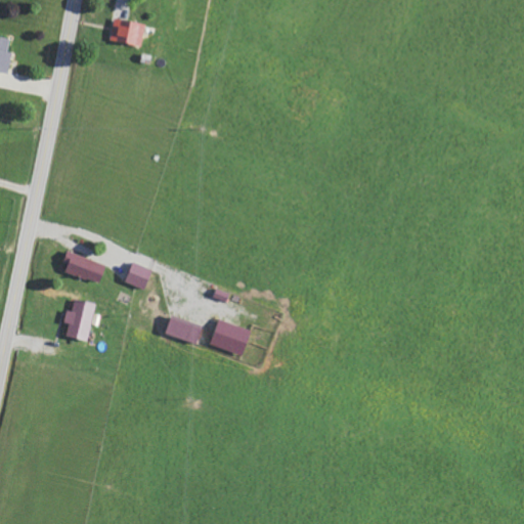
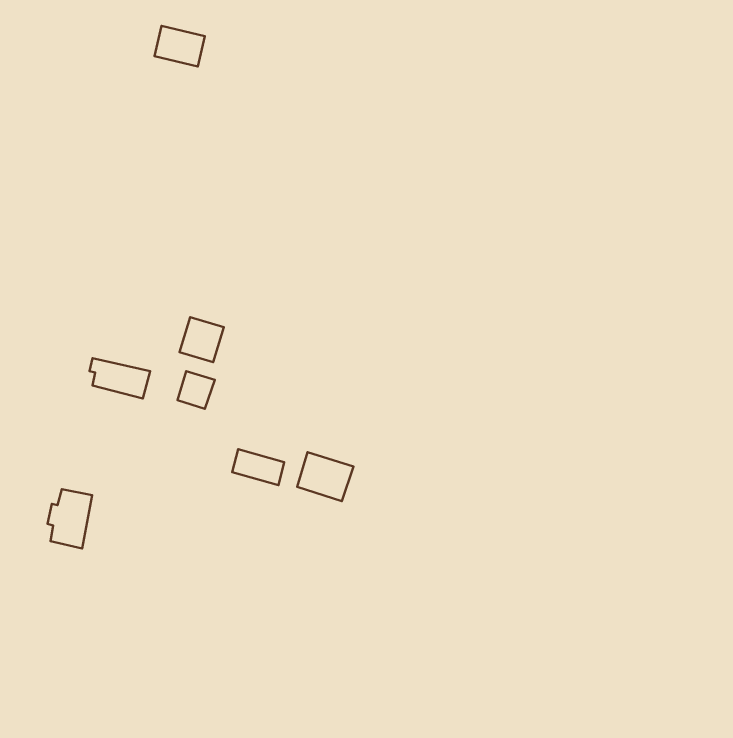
building: none -> [180,317,224,362]
building: [63,300,95,342] -> [47,489,92,549]

